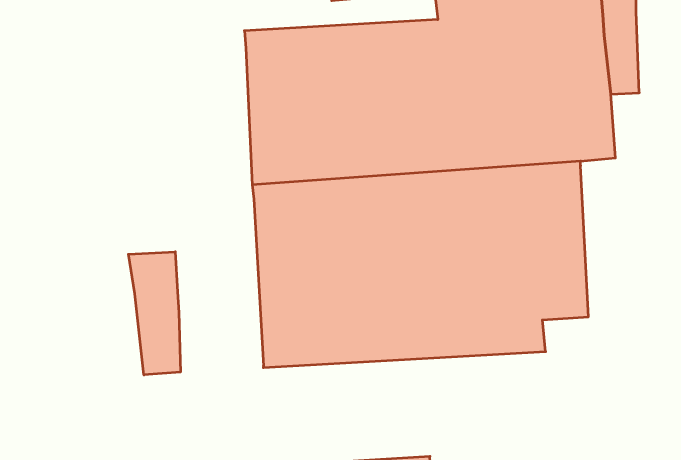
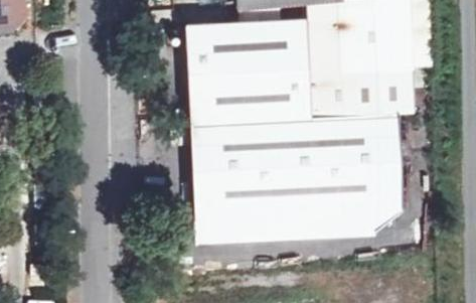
building: [128,252,180,375] -> none

